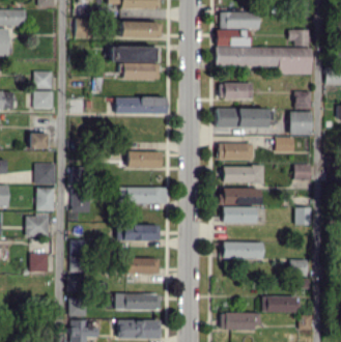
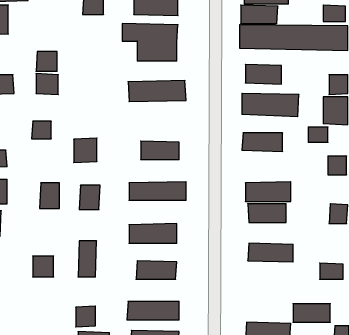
building: [36,163,57,184] -> [74,138,97,163]
building: [224,166,264,182] -> none
building: [27,216,51,236] -> none

